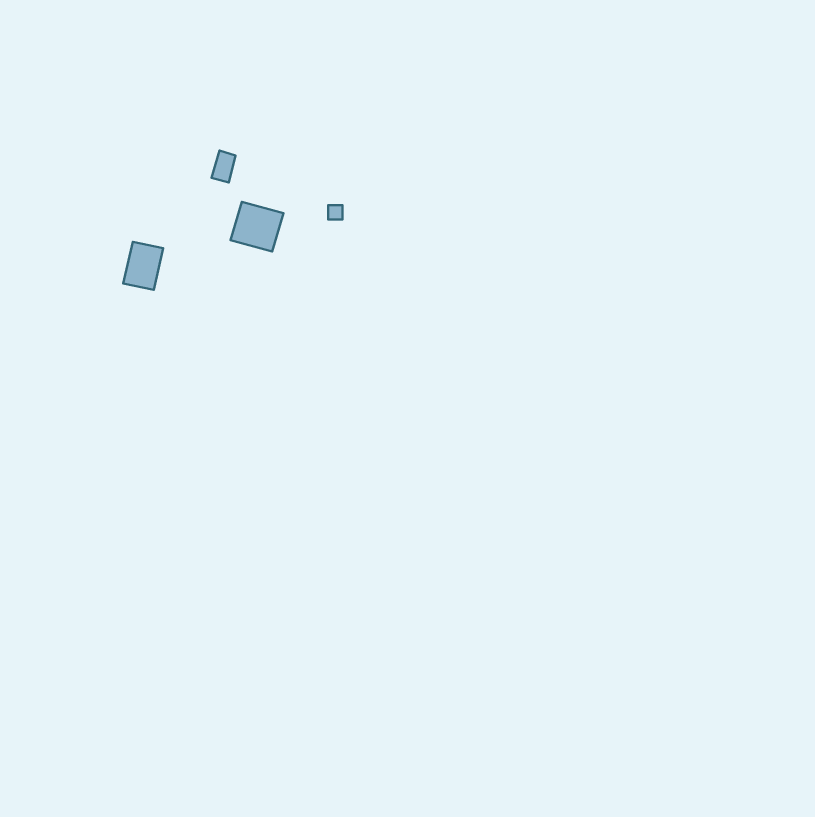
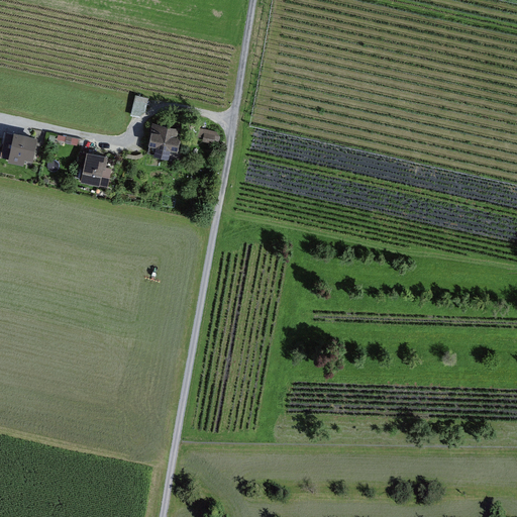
building: none -> [6,132,38,166]

